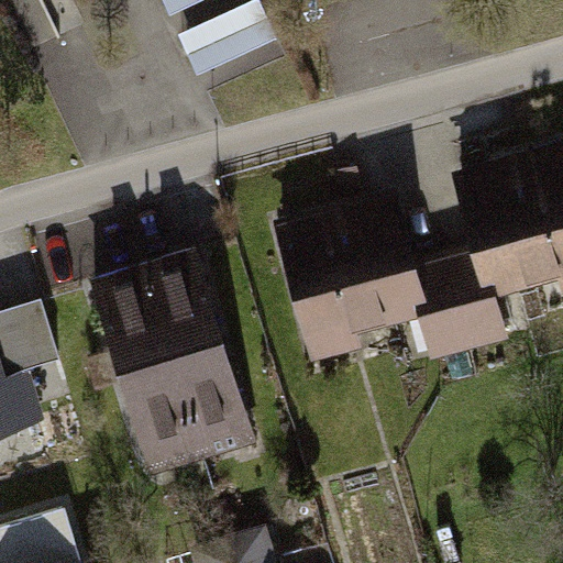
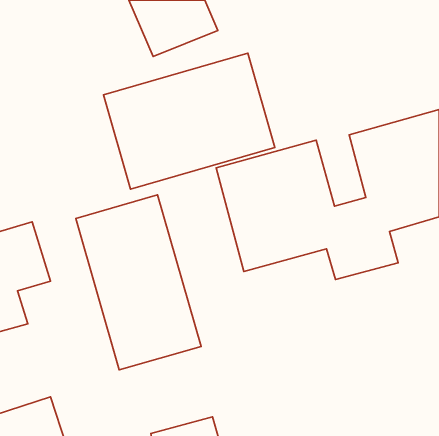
building: none -> [103,53,275,189]

